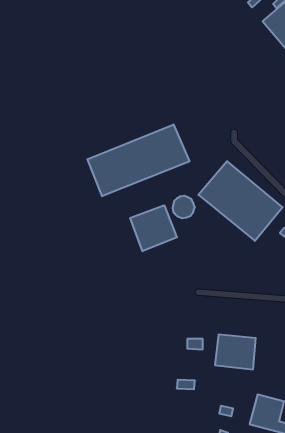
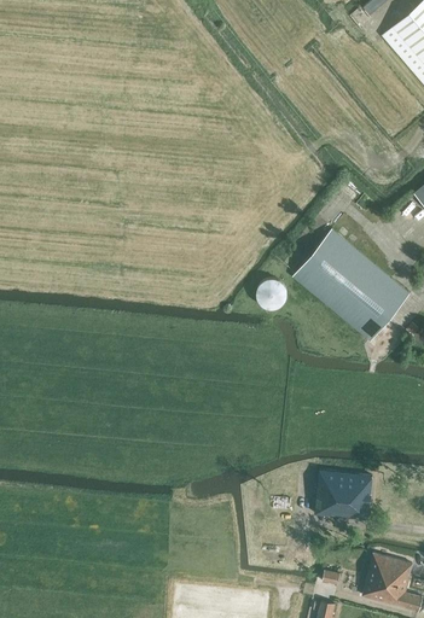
building: [87,124,189,196] -> none
building: [130,205,177,251] -> none

